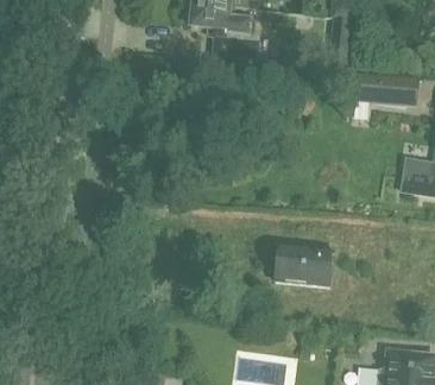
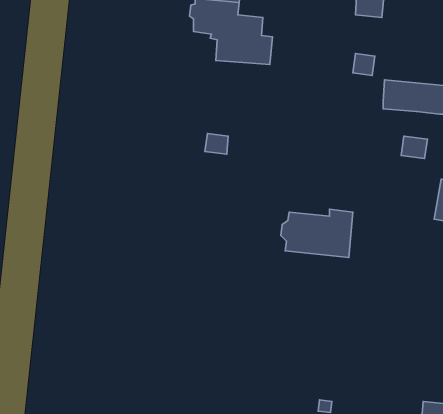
building: [271,244,333,285] -> [281,209,353,258]

